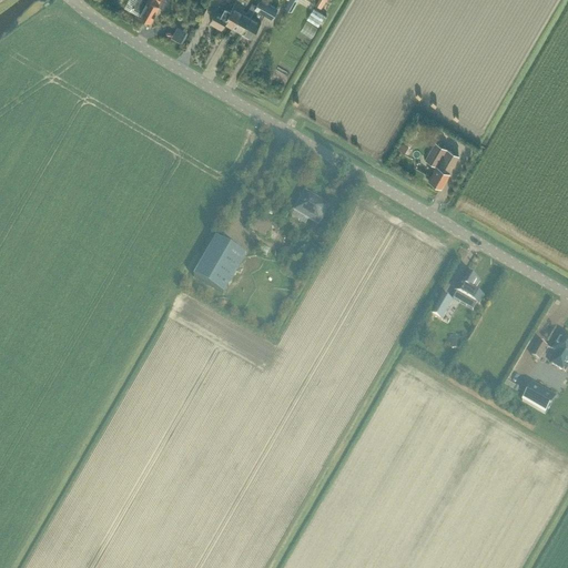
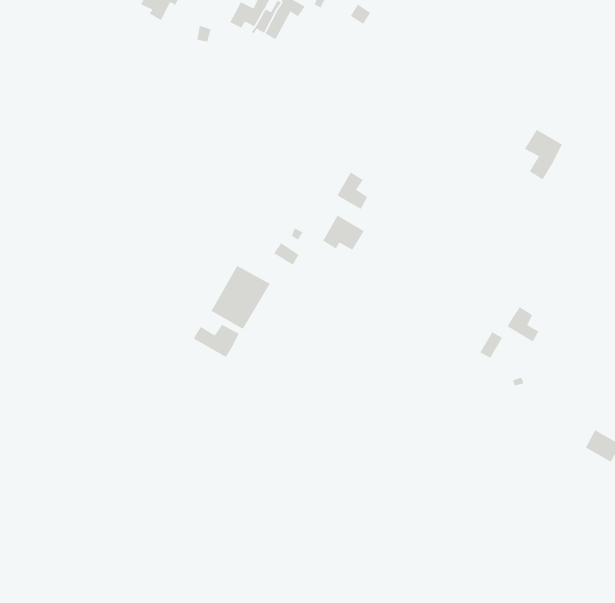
building: [423,140,457,185] -> [524,129,563,180]
building: none -> [337,172,368,210]
building: none -> [193,324,240,357]

